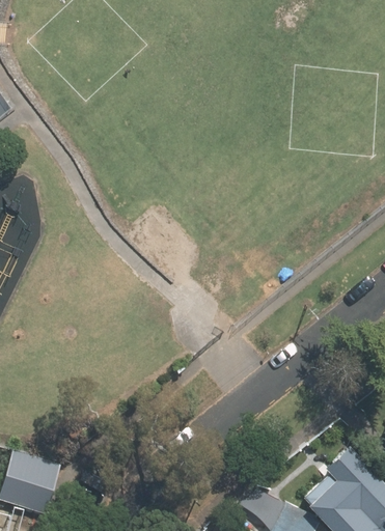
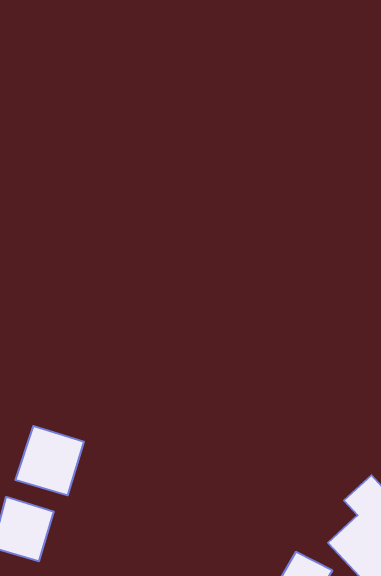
building: none -> [15,426,84,495]

